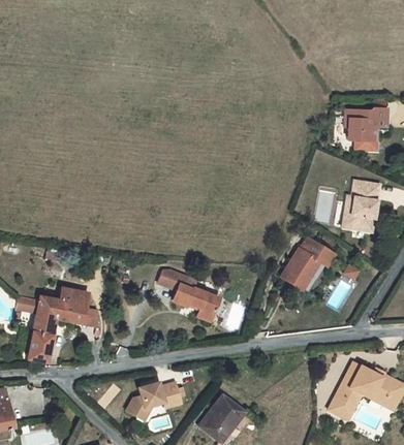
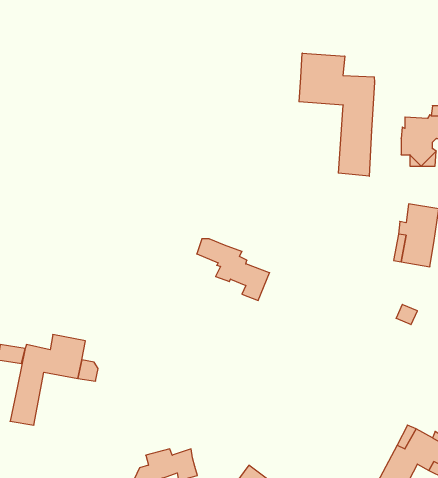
building: none -> [299,53,374,176]
building: [281,240,334,289] -> none
building: [159,271,219,321] -> [197,239,270,300]

